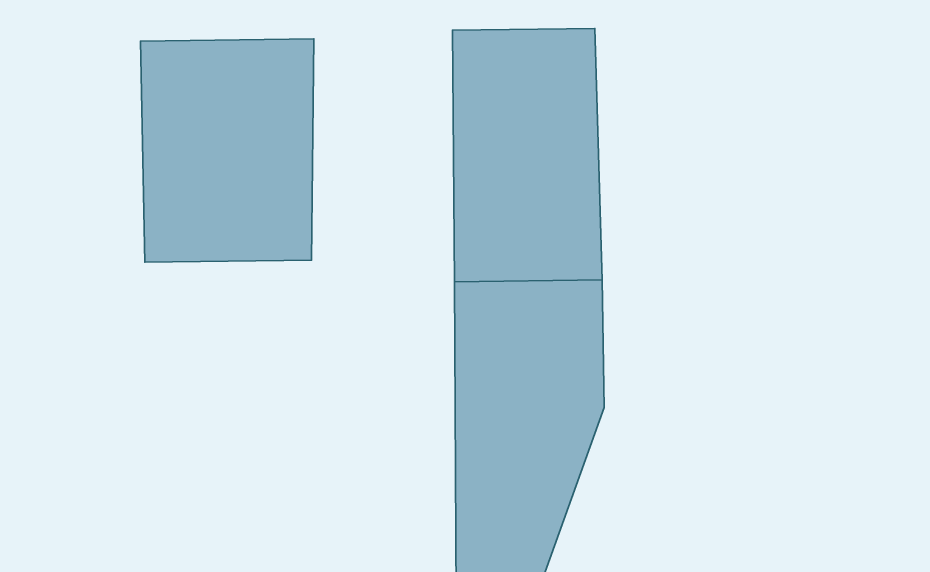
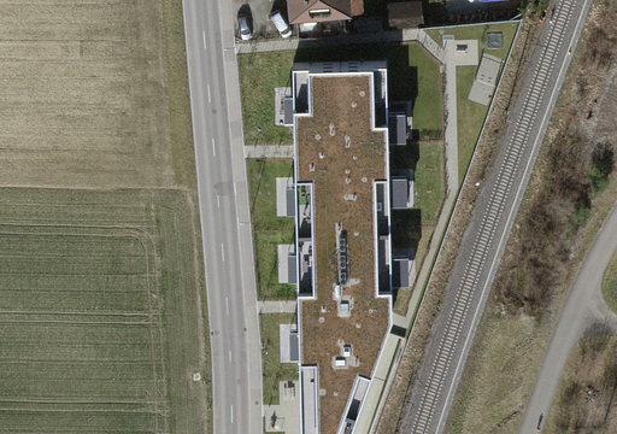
building: [141,39,314,262] -> none

